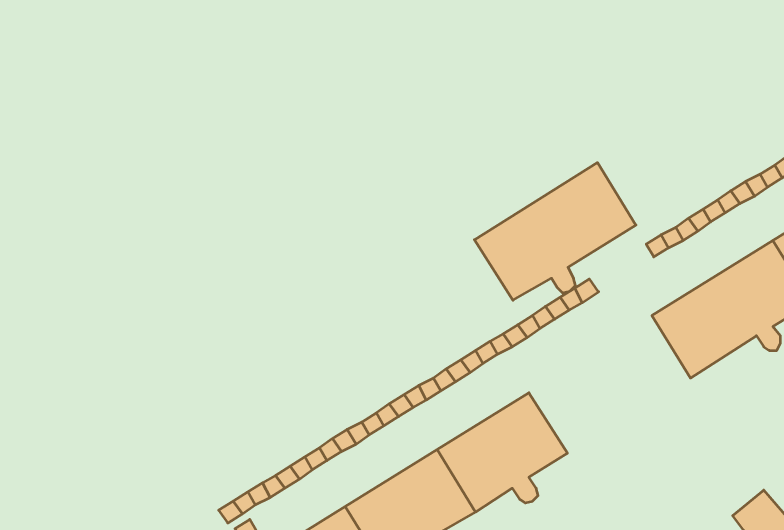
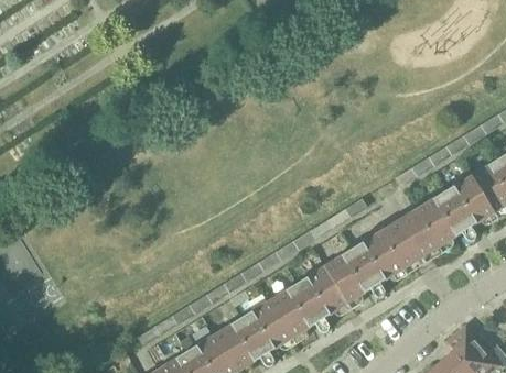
building: [474,163,636,300] -> [324,221,421,304]

